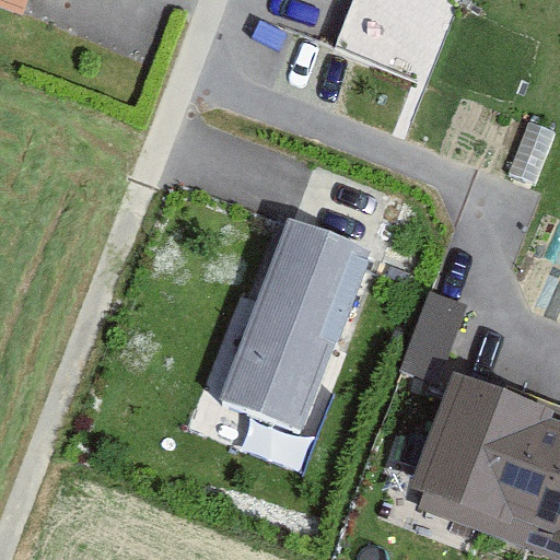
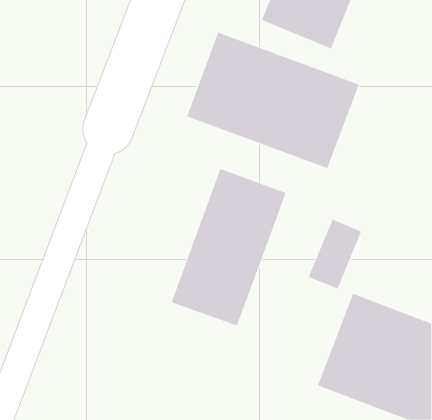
building: none -> [187,32,360,169]

